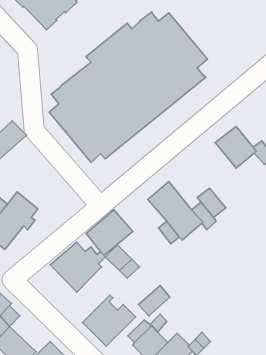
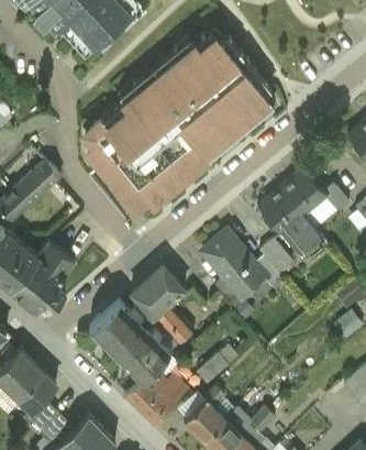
building: none -> [256,184,319,251]
building: none -> [119,323,169,378]

